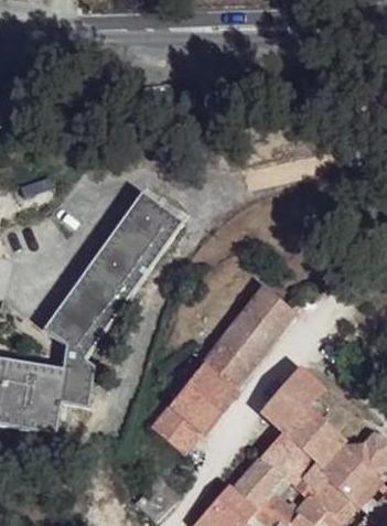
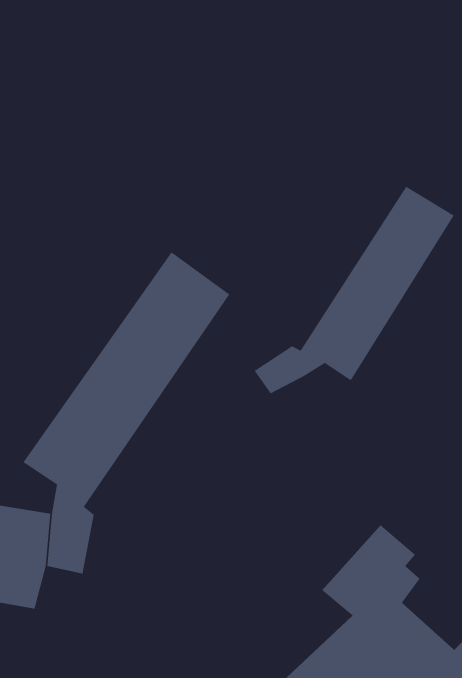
building: none -> [254,186,454,394]
building: [148,292,286,449] -> none

